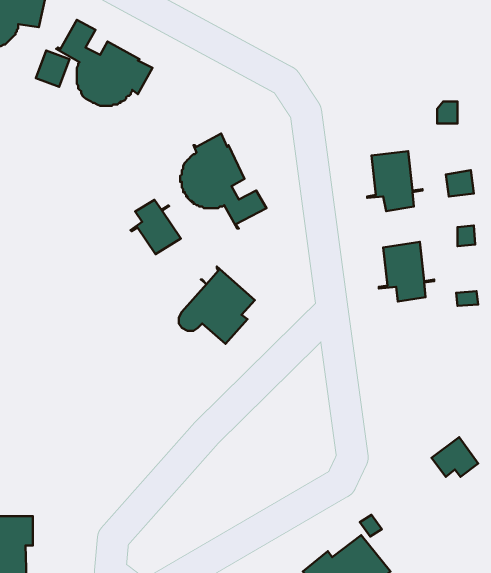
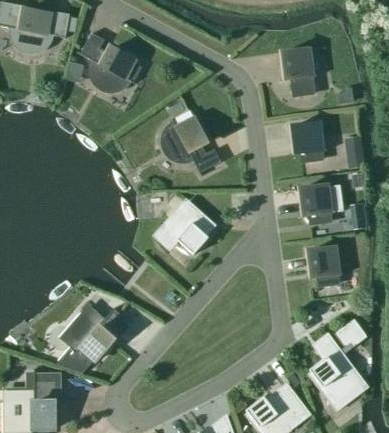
building: none -> [281,48,319,95]
building: [131,200,181,254] -> none
building: none -> [307,246,345,287]
building: none -> [60,305,133,370]
building: none -> [310,334,362,403]

